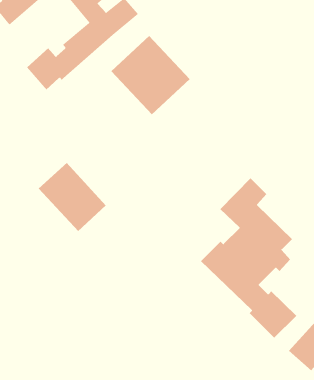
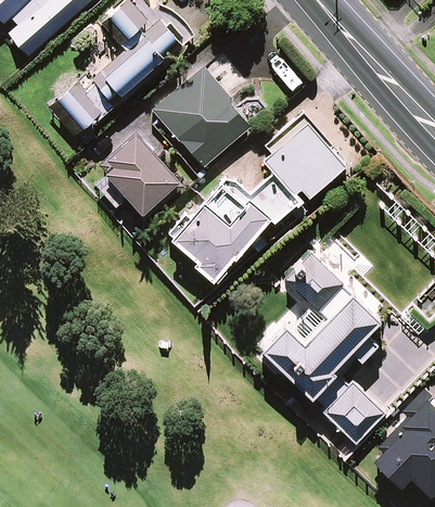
building: none -> [171,119,344,275]
building: [38,162,106,232] -> [100,132,184,218]

